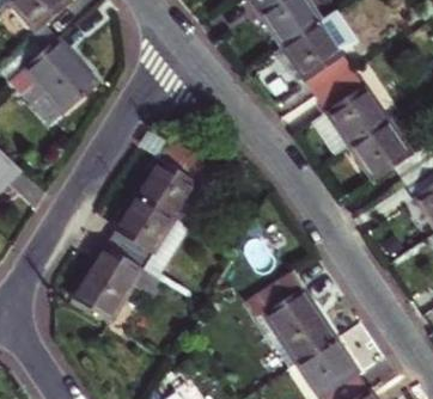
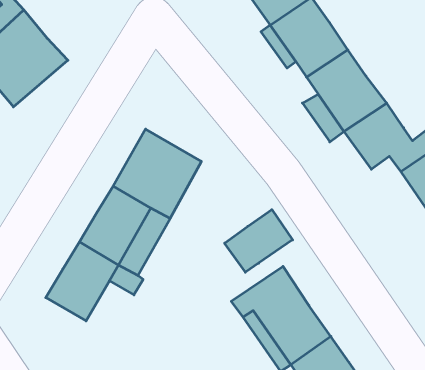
building: none -> [225,210,293,272]

